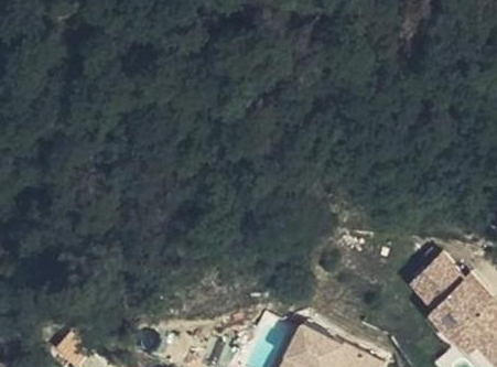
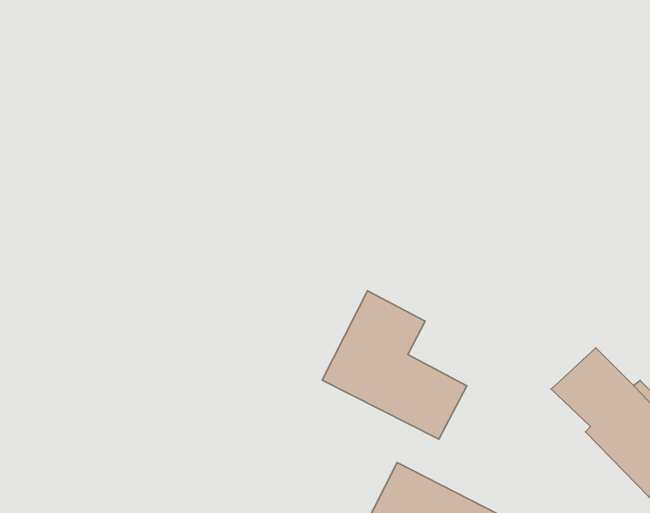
building: none -> [322,291,467,439]

